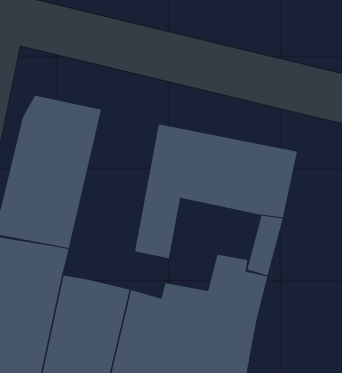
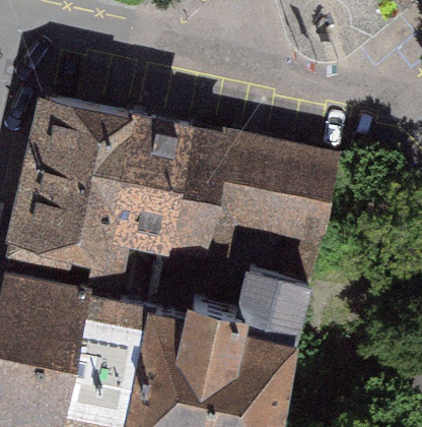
building: none -> [84,120,186,301]

